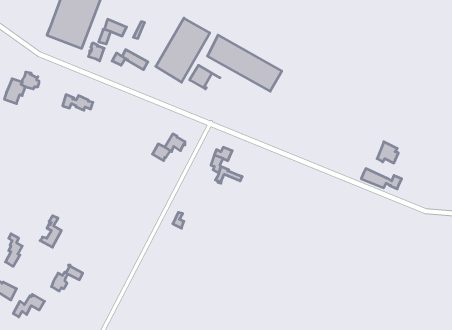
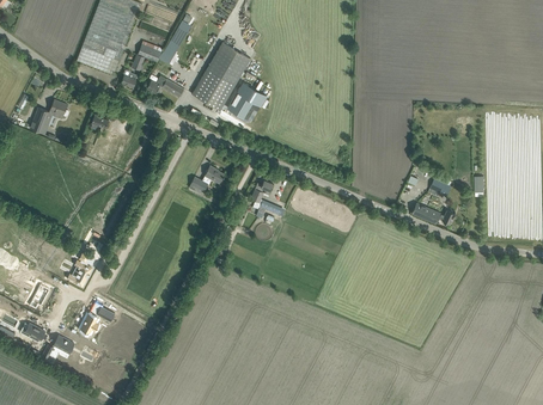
building: [207,35,282,91] -> none

